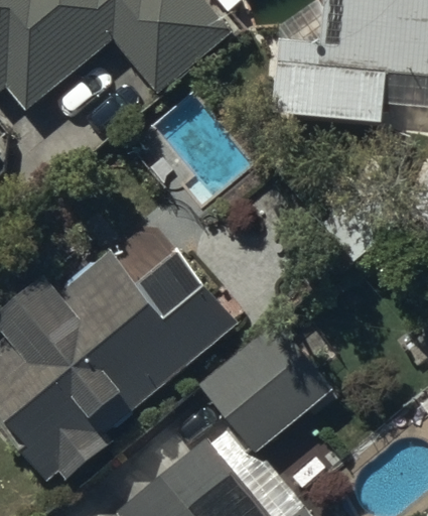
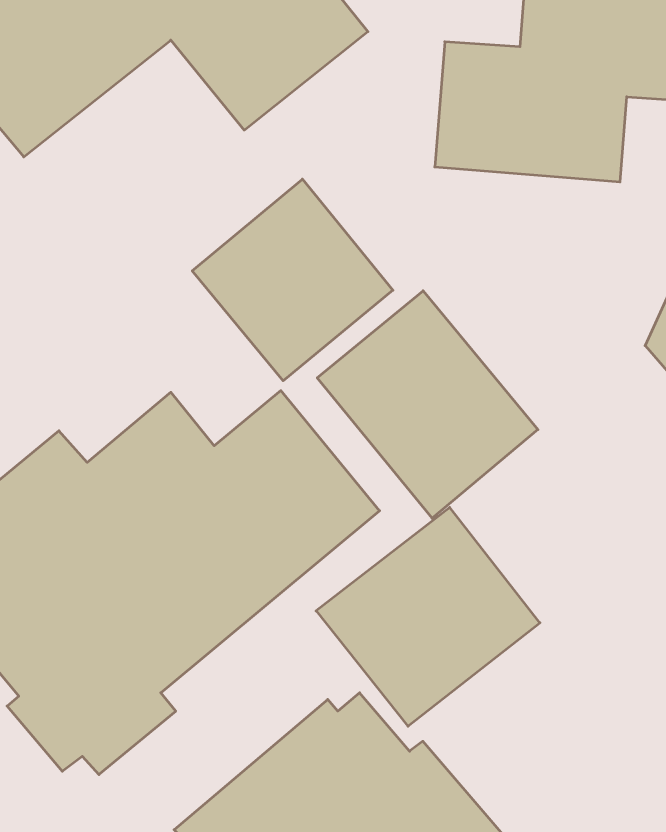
building: none -> [192,179,393,381]
building: none -> [317,291,538,518]

